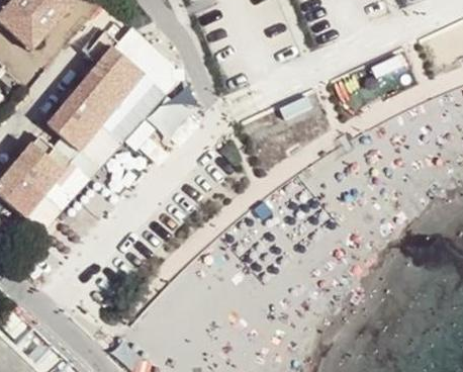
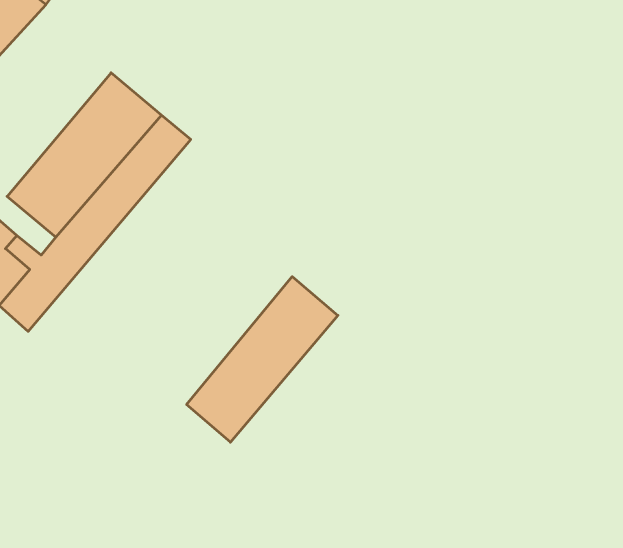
building: none -> [187,277,338,442]

